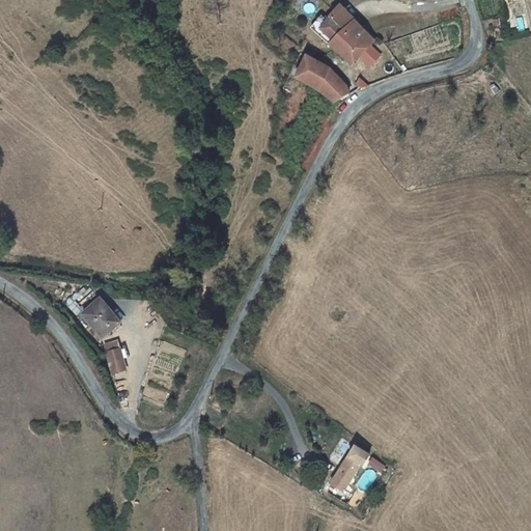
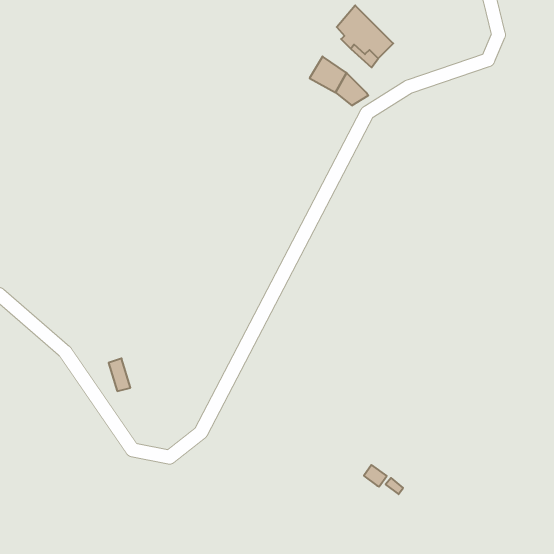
building: [81,301,119,338] -> none
building: [328,454,360,492] -> none

